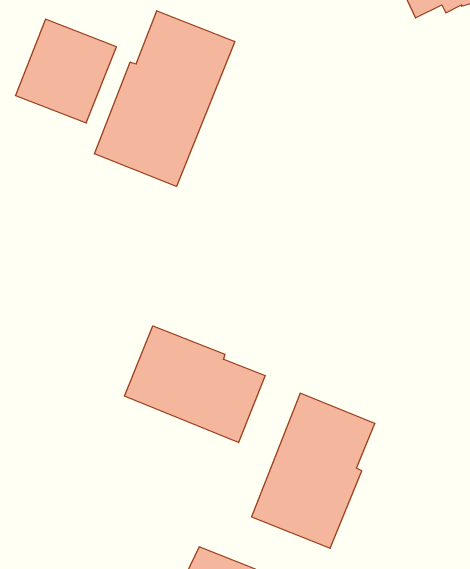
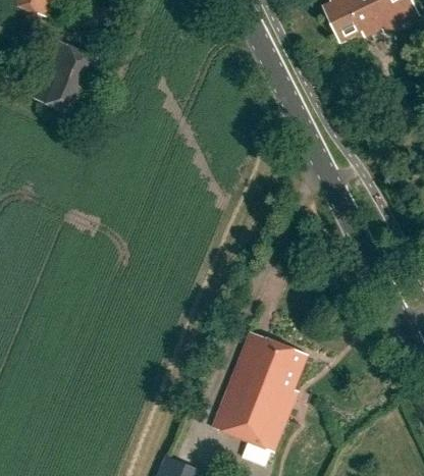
building: [94,11,235,186] -> none
building: [125,326,265,443] -> none

